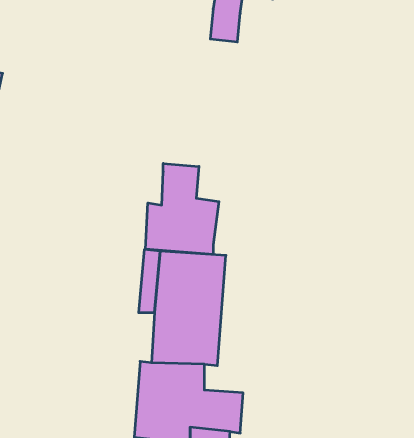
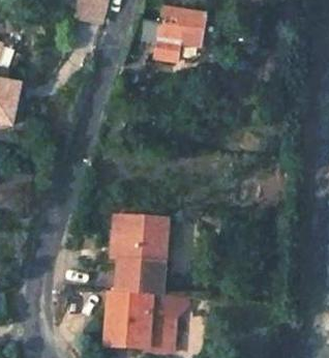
building: [146,163,219,254] -> none

